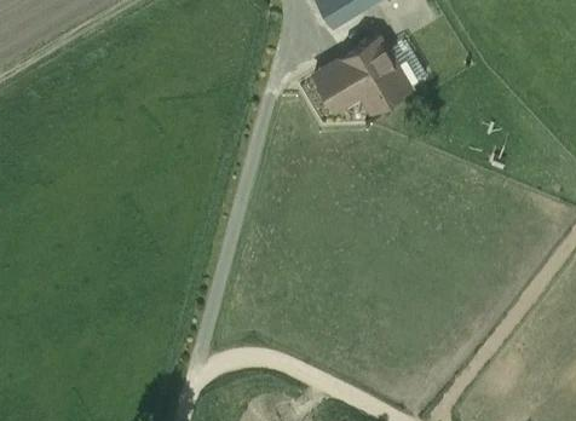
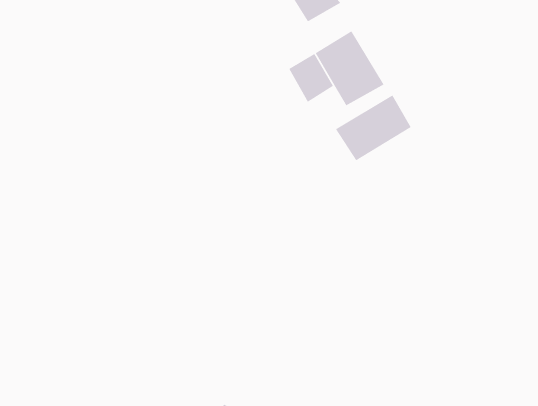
building: none -> [335,95,412,161]

